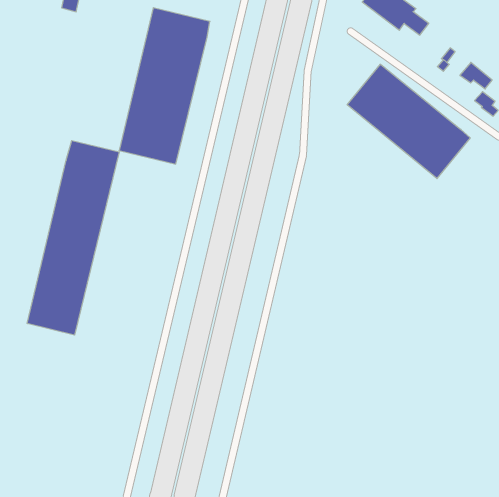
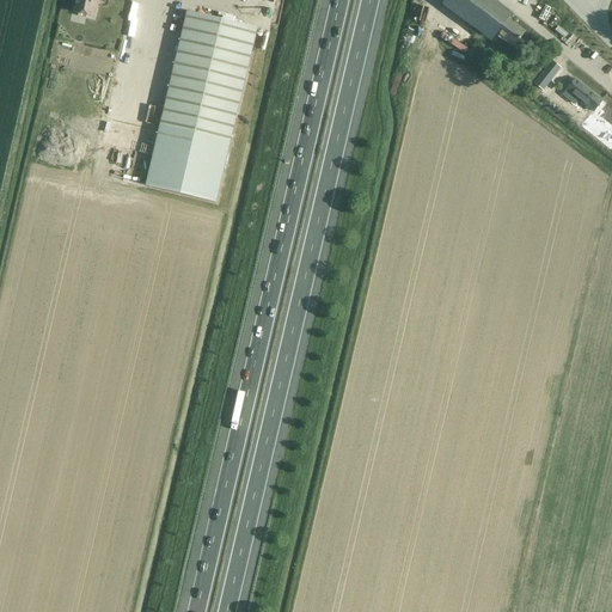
building: [347,64,470,179] -> none
building: [27,141,119,335] -> none

